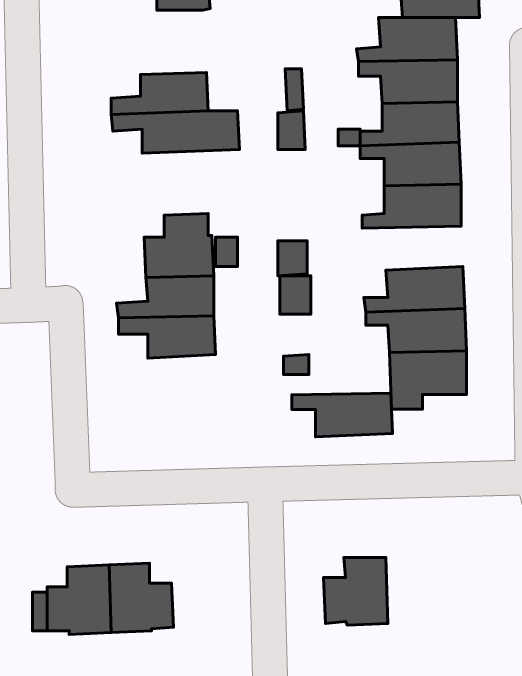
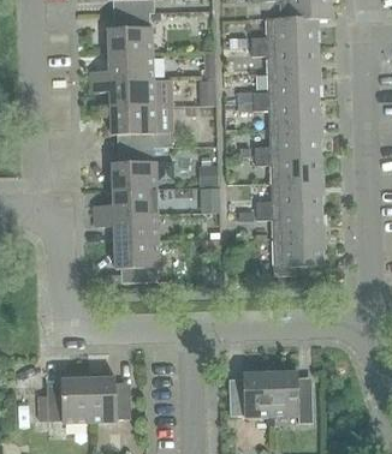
building: none -> [107,13,152,55]
building: none -> [109,104,173,148]
building: none -> [113,239,159,282]
building: [292,393,393,437] -> [254,155,320,184]
building: none -> [269,371,313,423]

